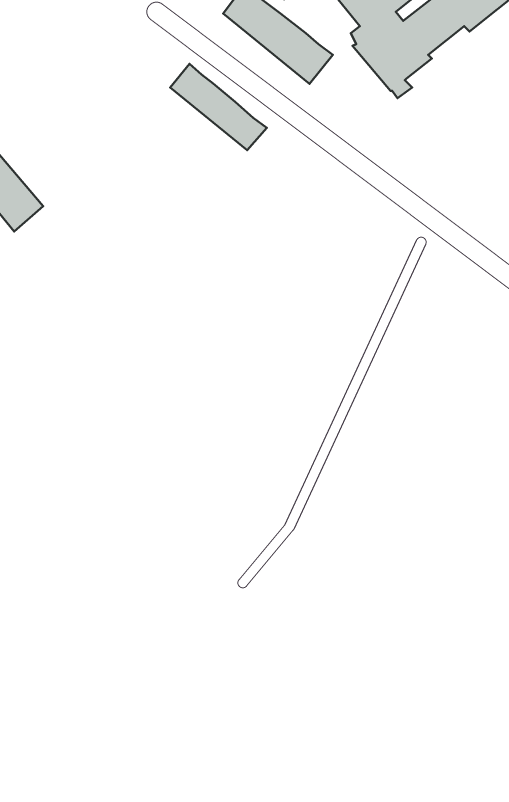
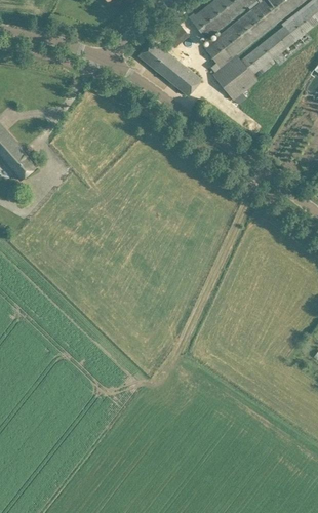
building: [170,64,267,150] -> none

